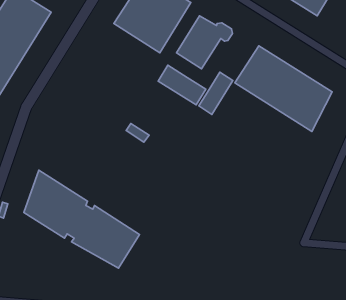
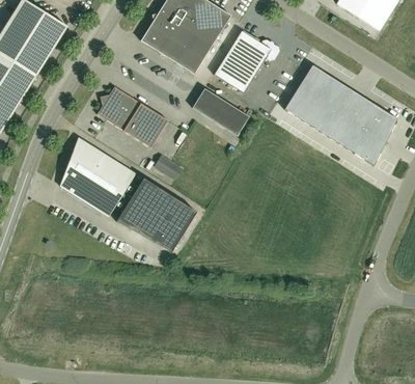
building: none -> [98,85,169,147]
building: [199,72,233,114] -> none
building: [24,170,140,268] -> [61,136,197,251]

